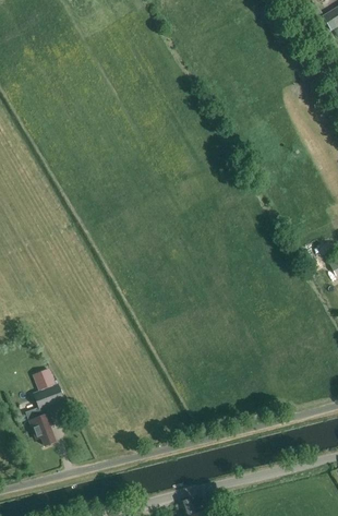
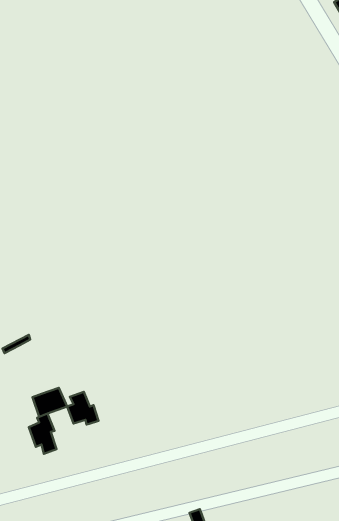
building: none -> [67,392,98,424]

